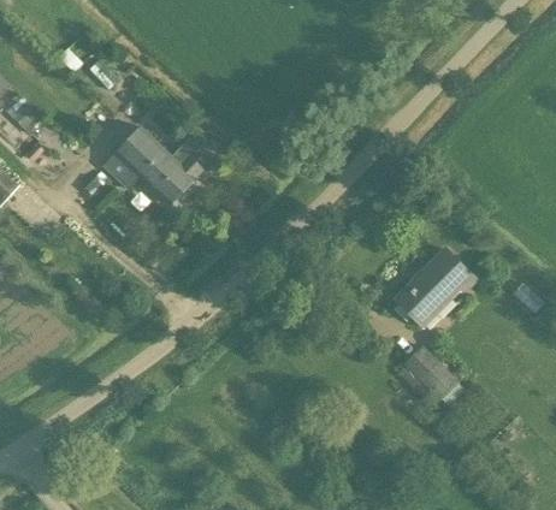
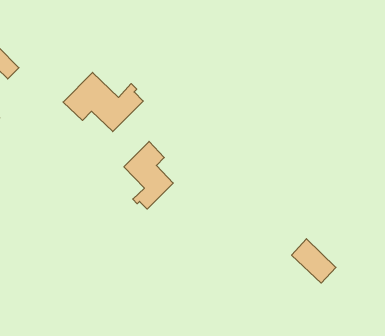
building: none -> [124,141,173,209]
building: [392,248,473,325] -> none

